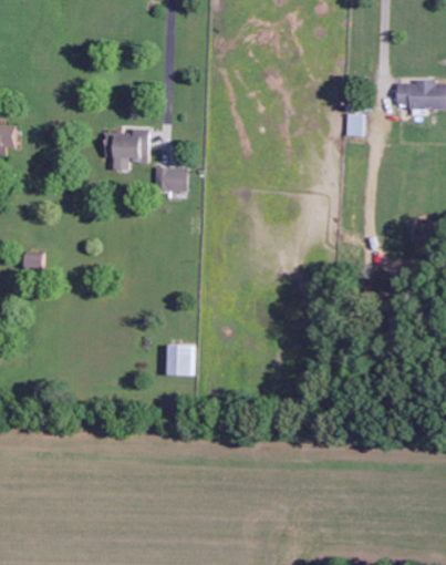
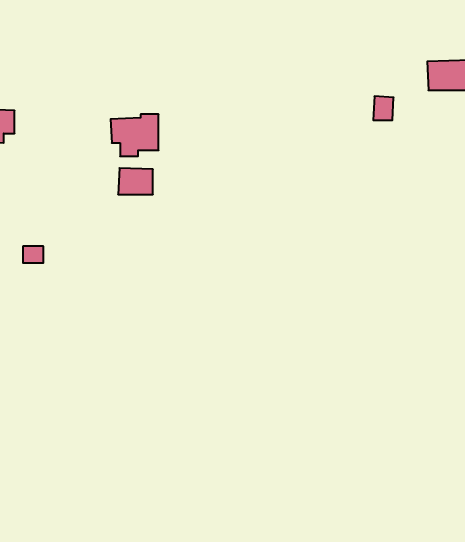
building: [155,166,187,191] -> [118,168,153,194]
building: [167,345,194,376] -> none

